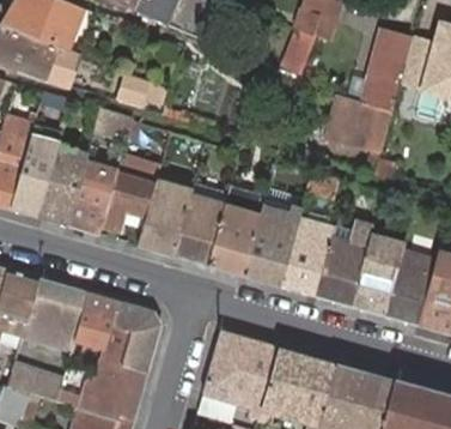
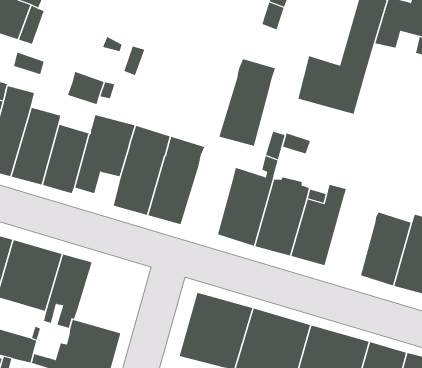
building: [207,186,264,273] -> [218,59,276,146]
building: [351,235,404,314] -> none
building: [100,301,160,371] -> none

